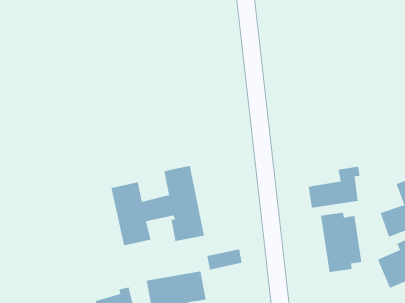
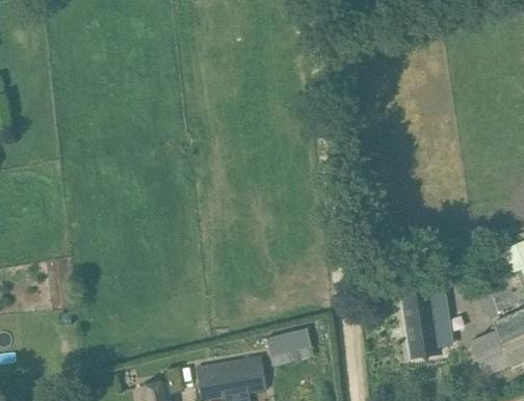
building: [111,165,204,246] -> none
building: [308,166,360,209] -> none

